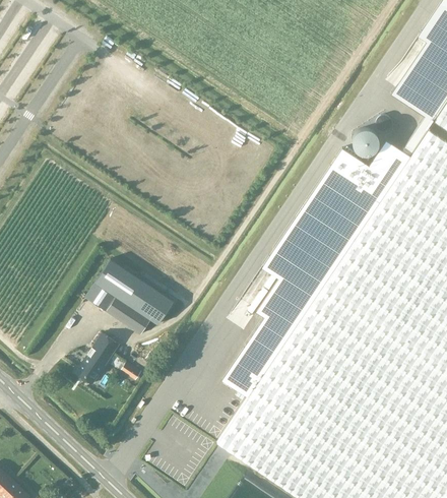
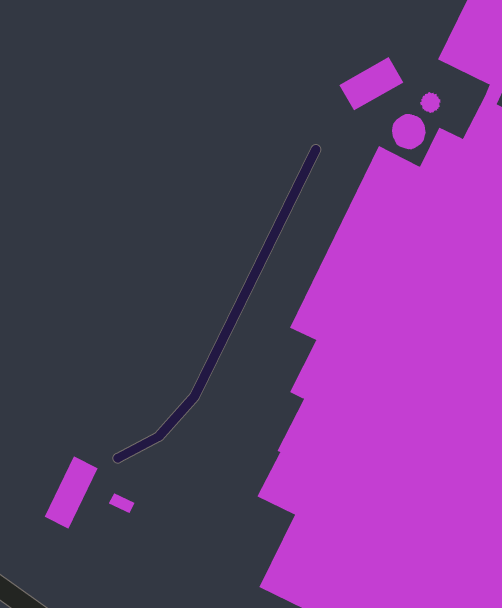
building: none -> [338,56,404,111]
building: [86,262,175,336] -> none

